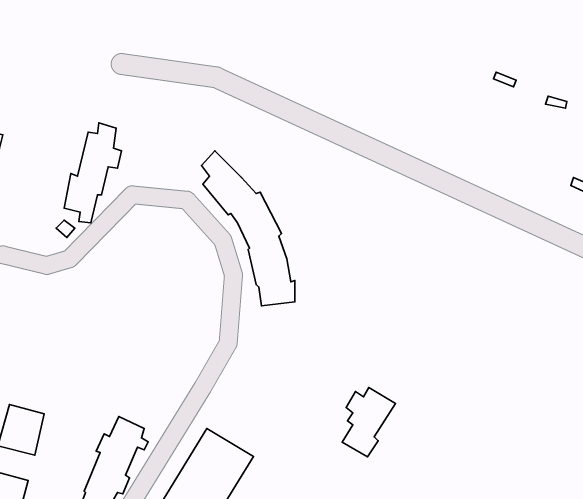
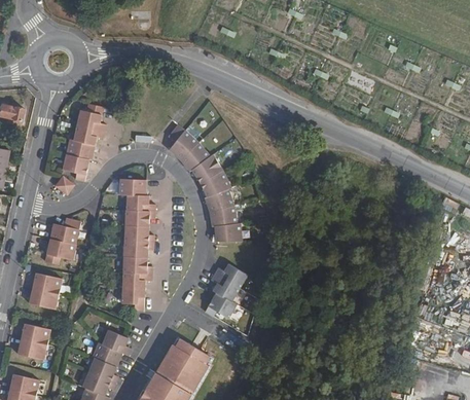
building: none -> [121,180,157,313]
building: none -> [46,217,83,268]
building: none -> [28,270,63,310]
building: [342,387,395,457] -> [209,267,250,321]

